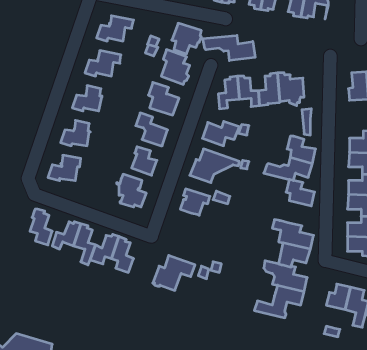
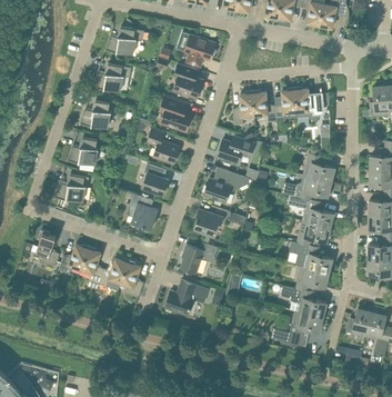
building: [203,35,255,61] -> none
building: none -> [298,220,331,245]
building: none -> [180,240,219,272]

